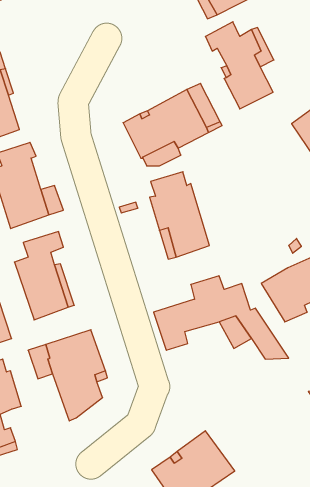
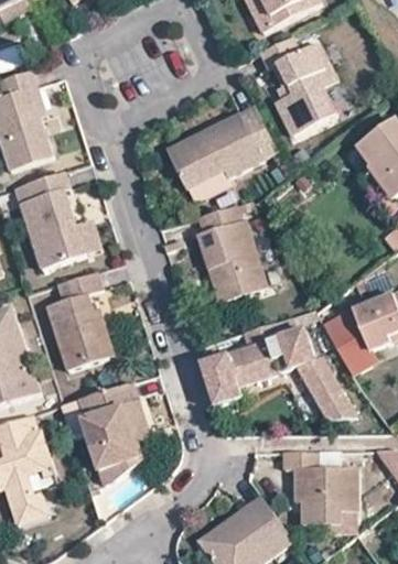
building: none -> [282,451,358,523]

